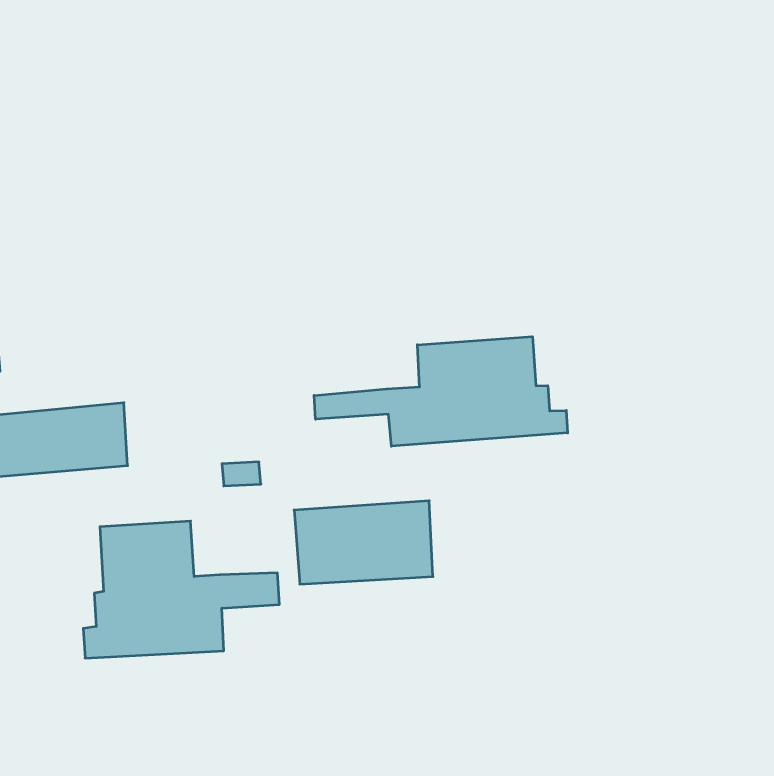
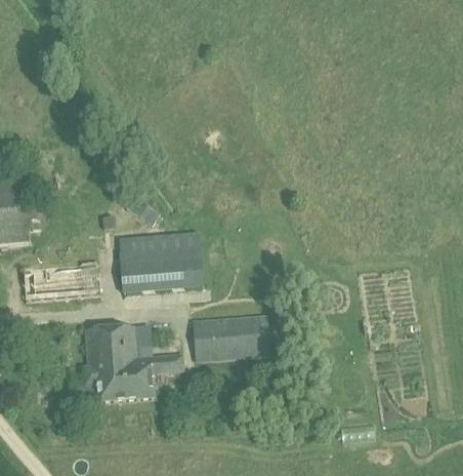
building: [314,337,568,446] -> none
building: none -> [120,231,205,292]

